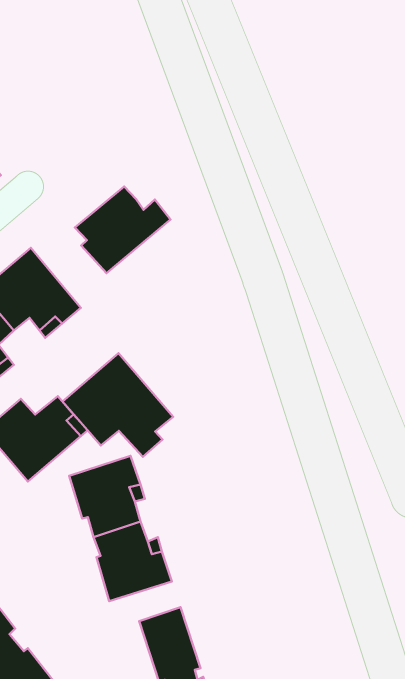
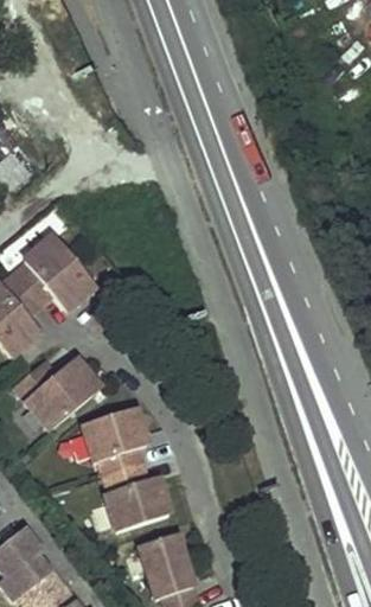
building: [75,186,170,273] -> none
building: [63,353,173,457] -> none

